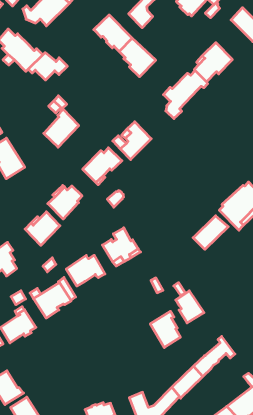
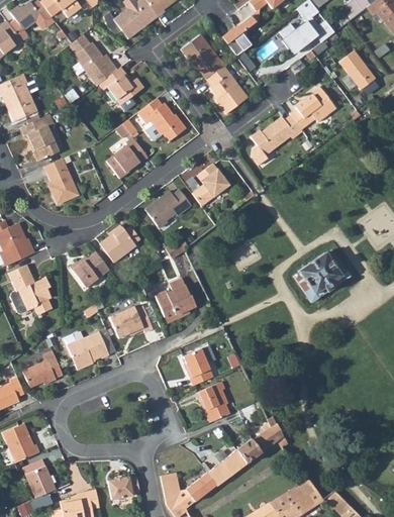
building: none -> [137,98,186,140]
building: [193,216,228,249] -> none
building: [176,291,204,323] -> [183,350,213,387]

